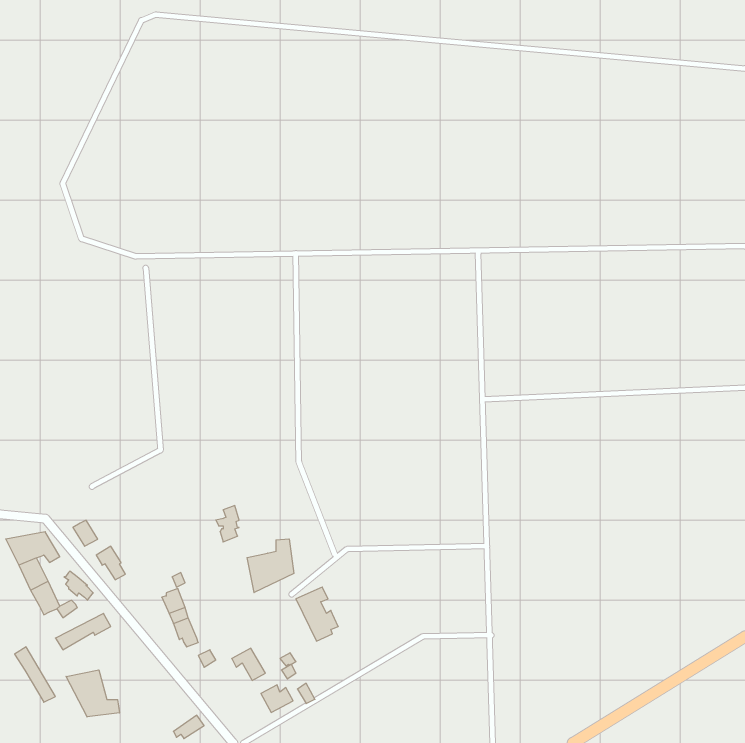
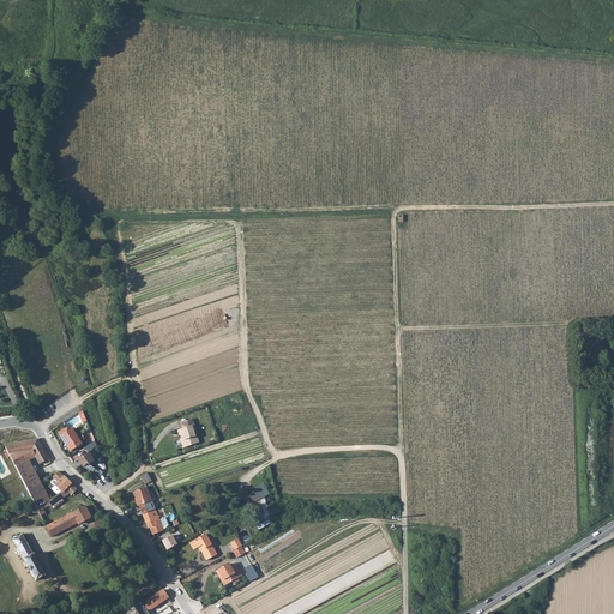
building: [247,539,294,593] -> none
building: [66,670,119,717] -> none

